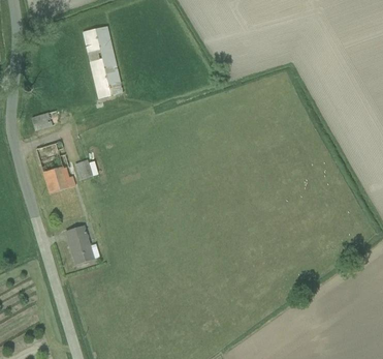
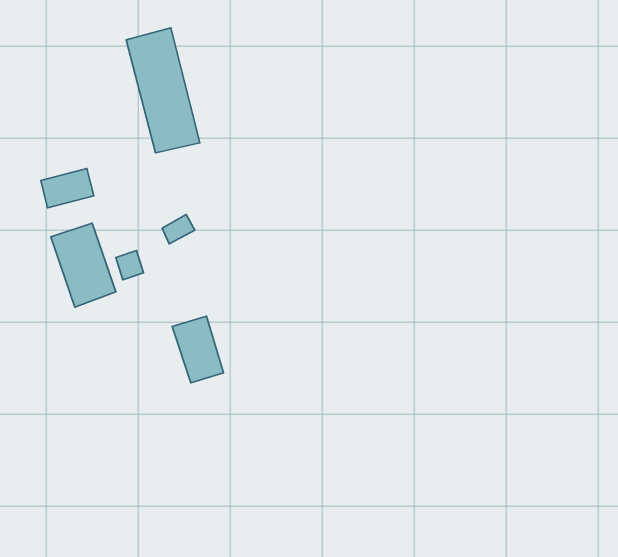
building: [62,225,93,265] -> [172,316,223,383]

